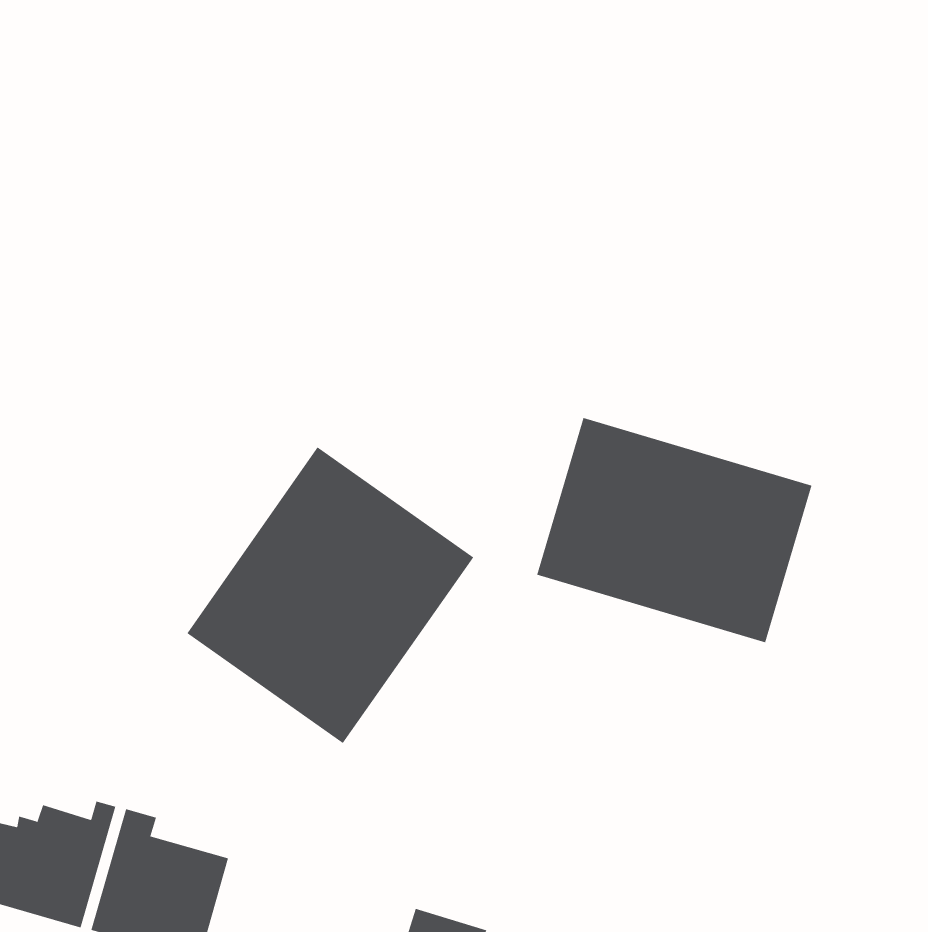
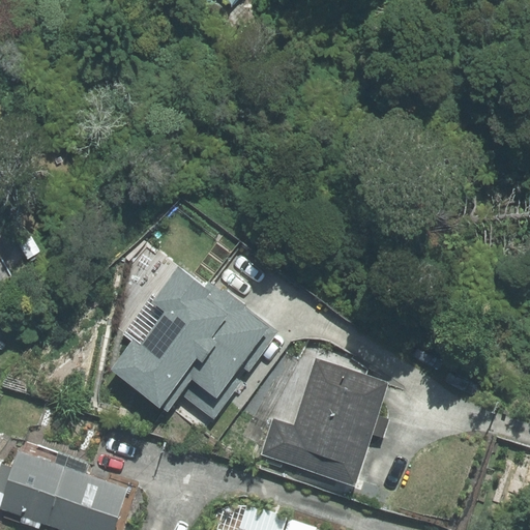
building: [537,417,812,643] -> none
building: none -> [259,358,387,488]

